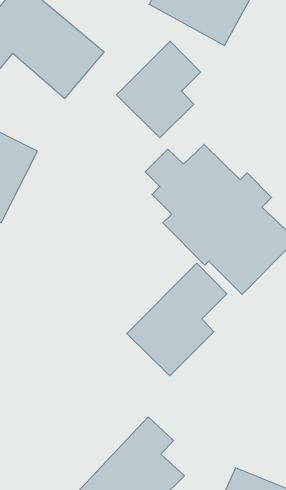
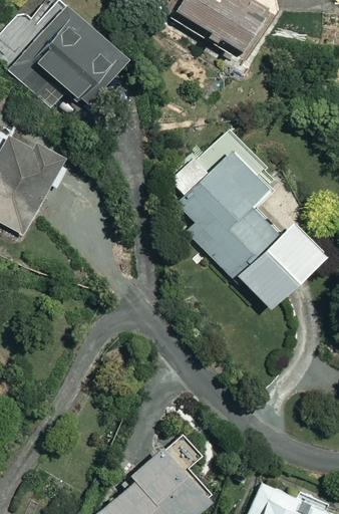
building: [117,41,201,138] -> none
building: [127,263,227,376] -> none

